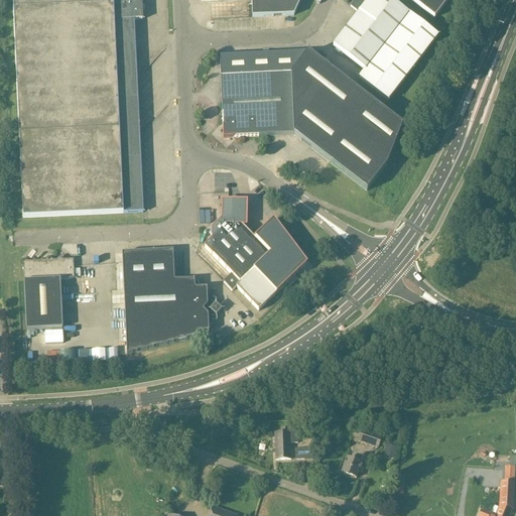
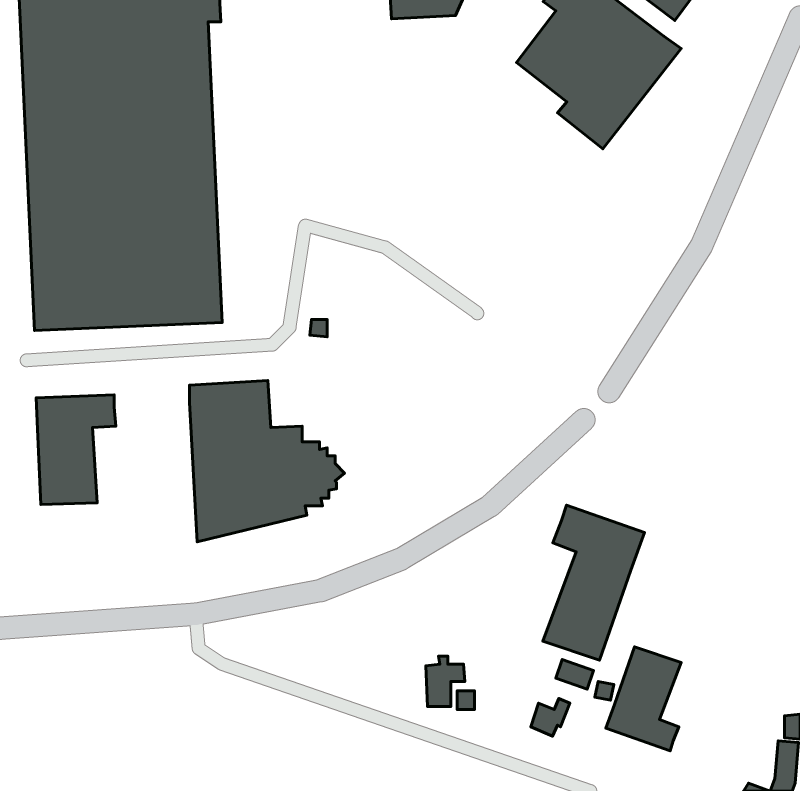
building: [220,47,402,185] -> none
building: [212,196,307,306] -> none
building: none -> [543,505,644,660]
building: none -> [606,647,681,751]

